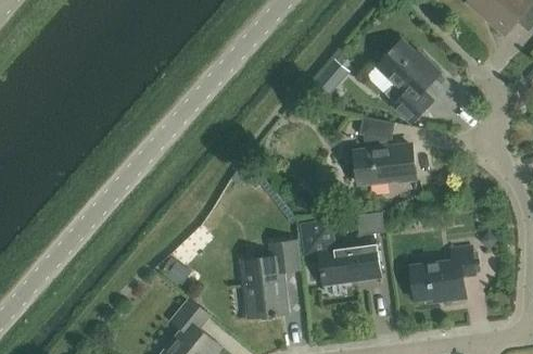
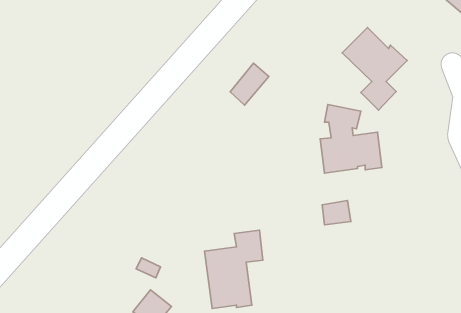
building: [309,58,347,99] -> [230,63,269,105]
building: [301,222,380,283] -> none
building: [410,246,474,301] -> none

